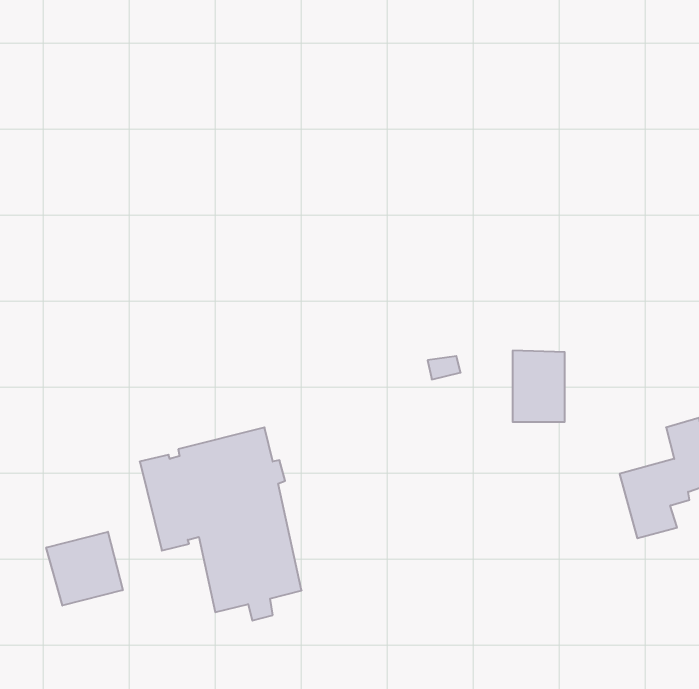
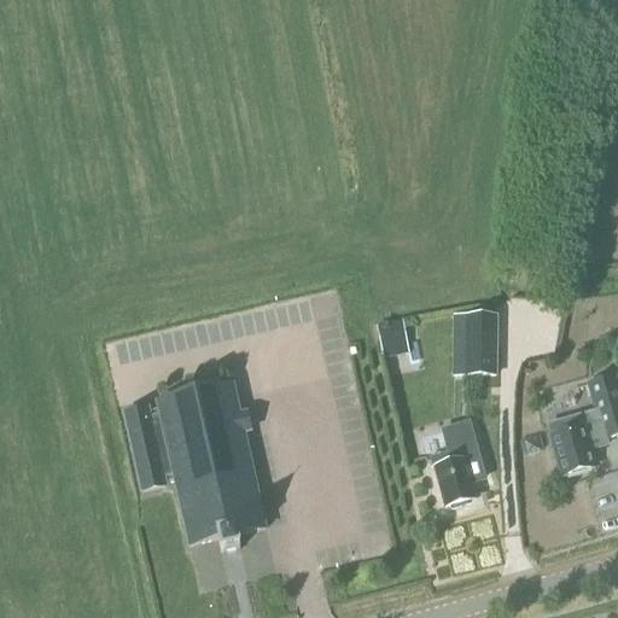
building: none -> [430,416,486,508]
building: [46,532,123,606] -> none

